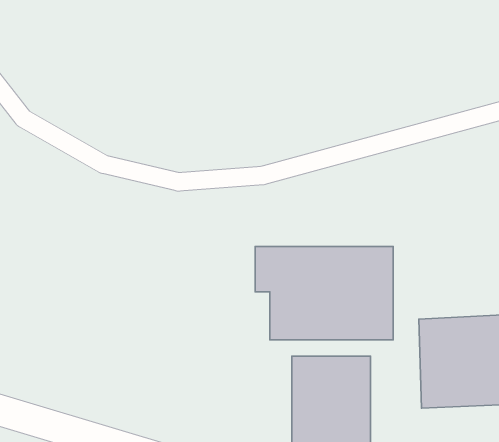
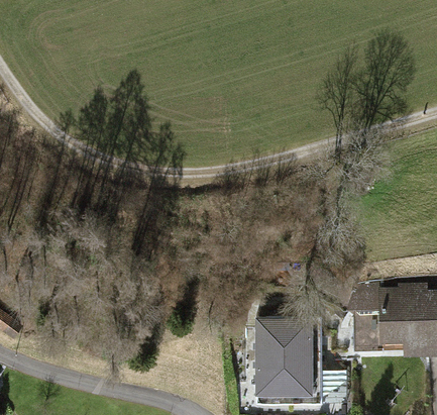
building: [255,247,393,340] -> none

